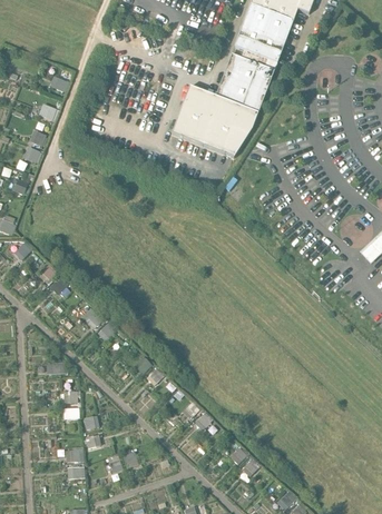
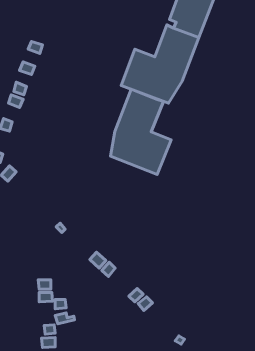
building: none -> [110,89,171,175]

